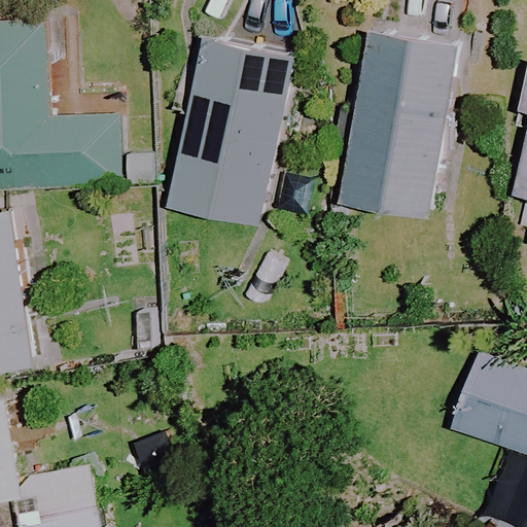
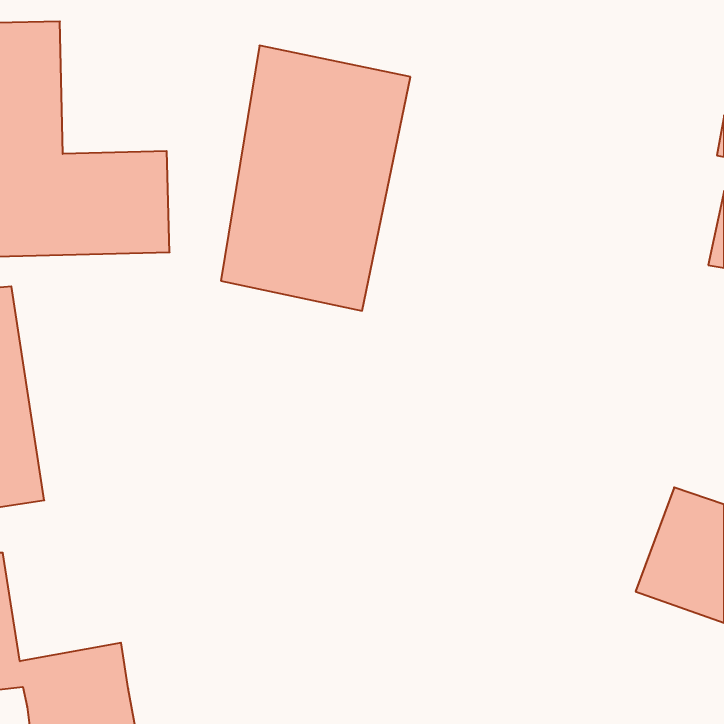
building: [329,30,458,216] -> none

